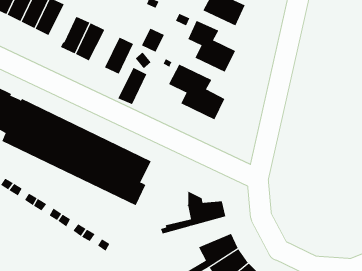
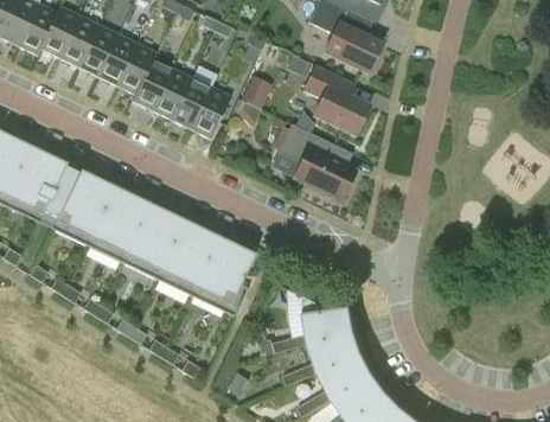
building: none -> [116,43,158,94]
building: [117,67,147,105] -> [171,77,211,128]
building: none -> [283,330,363,384]

